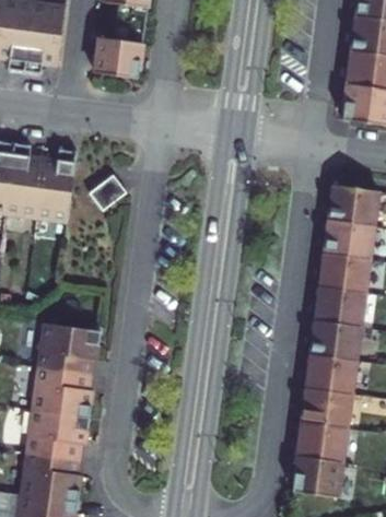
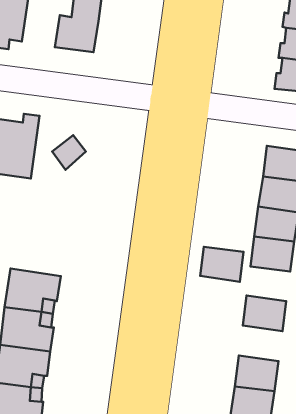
building: [309,321,359,361] -> [200,247,244,282]
building: [301,388,350,428] -> none

